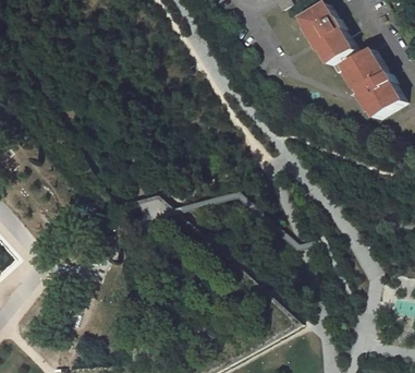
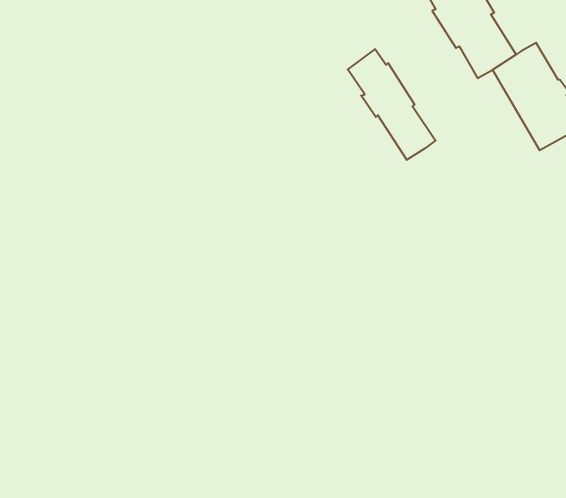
building: none -> [348,49,436,160]

